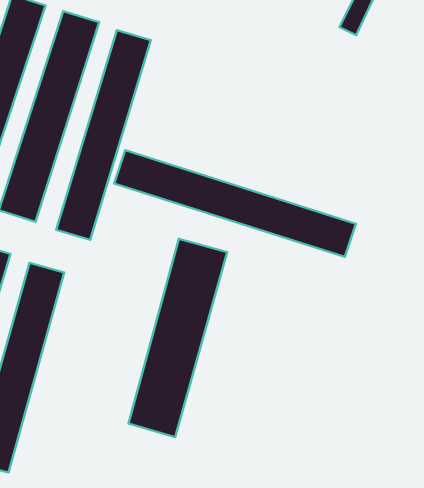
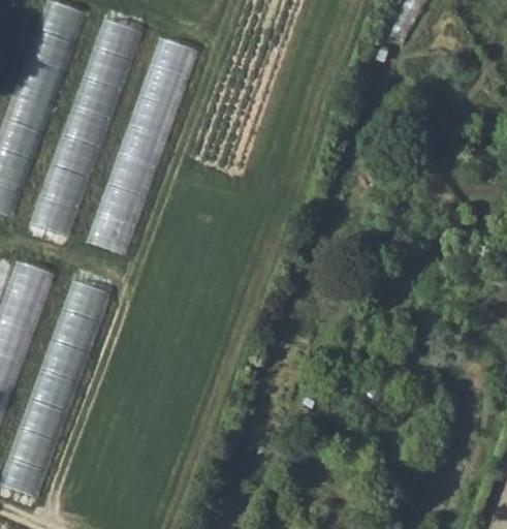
building: [114,150,356,257] -> none
building: [129,239,227,437] -> none

